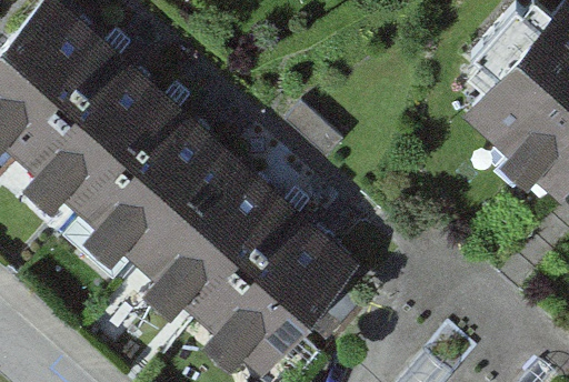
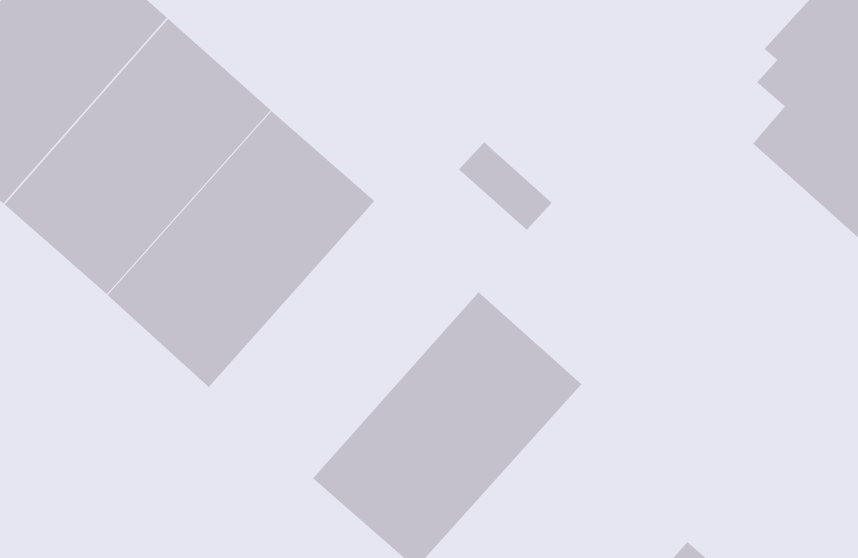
building: [138,155,300,322] -> none

